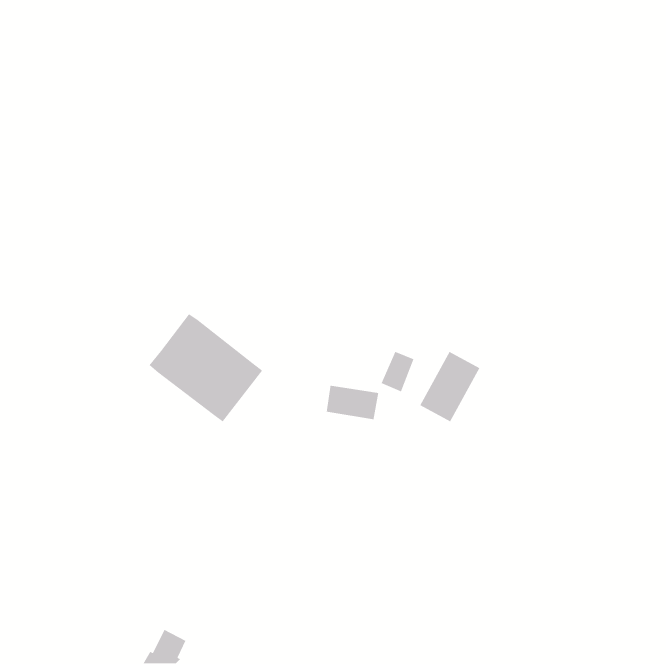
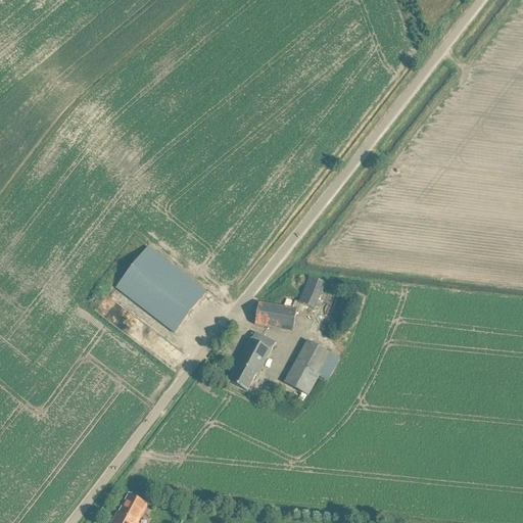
building: [419,351,480,423] -> [284,338,332,394]
building: none -> [229,331,275,389]

